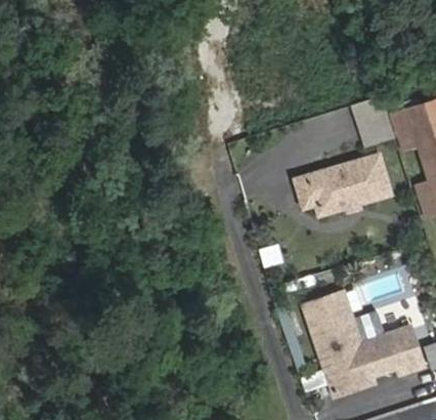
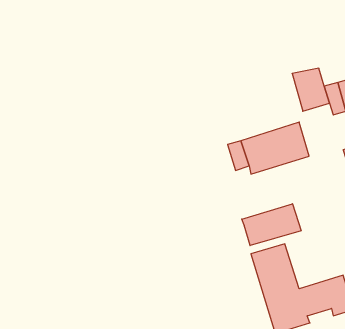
building: none -> [242,204,301,246]

